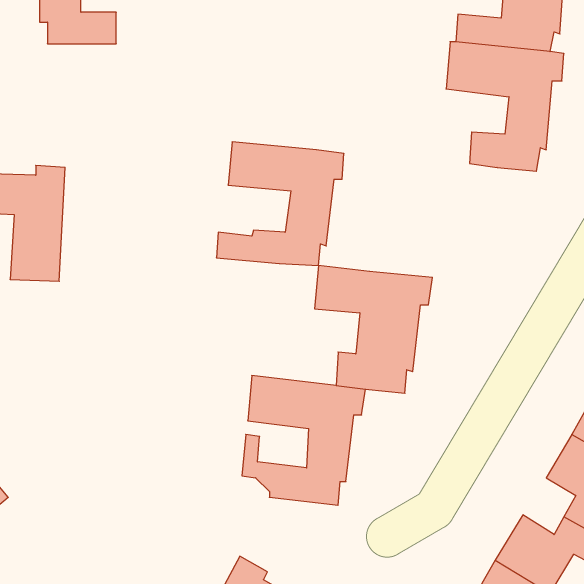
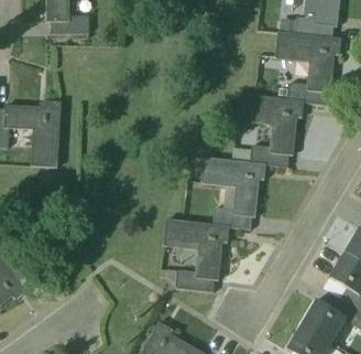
building: [216,142,344,266] -> [231,96,303,165]

